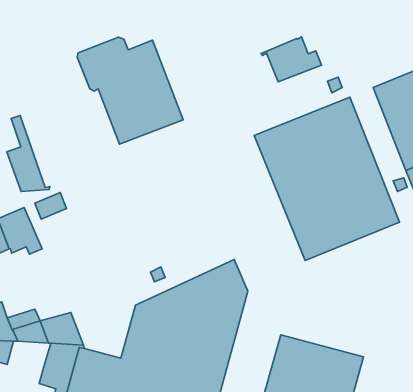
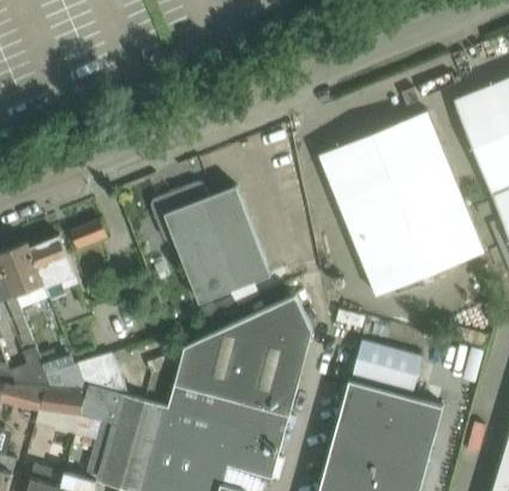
building: [261,37,322,82] -> none
building: [77,37,183,144] -> [151,182,271,304]
building: [7,116,50,192] -> none
building: none -> [352,341,423,394]
building: none -> [40,388,89,415]

